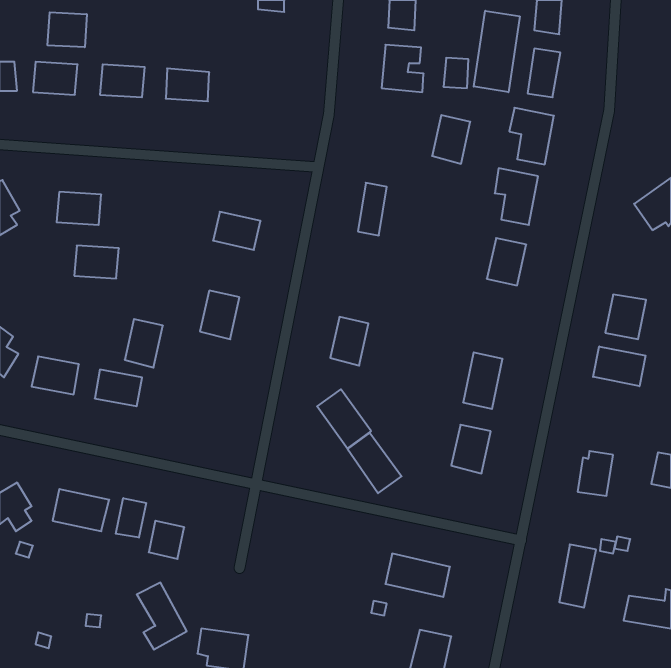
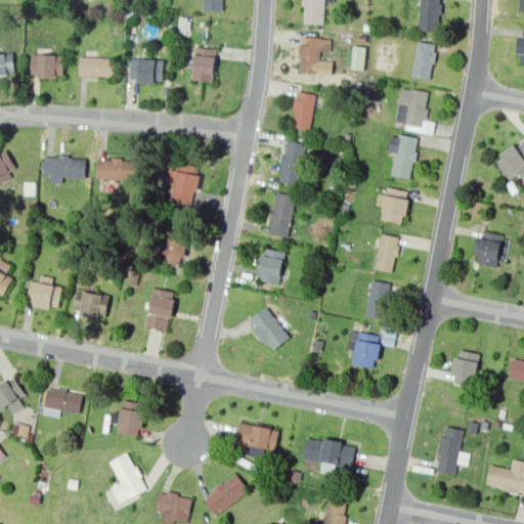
building: [474,11,520,92] -> none
building: [48,12,87,47] -> none
building: none -> [188,48,217,84]
building: [432,115,470,164] -> [288,89,317,127]
building: none -> [267,193,295,243]
building: [74,246,119,278] -> [94,158,129,183]
building: none -> [369,229,399,273]
building: [125,319,163,368] -> [143,295,173,333]
building: [593,346,646,386] -> none
building: [348,433,402,493] -> none
building: [116,498,146,538] -> none
building: none -> [235,420,279,452]
building: none -> [202,473,249,518]

